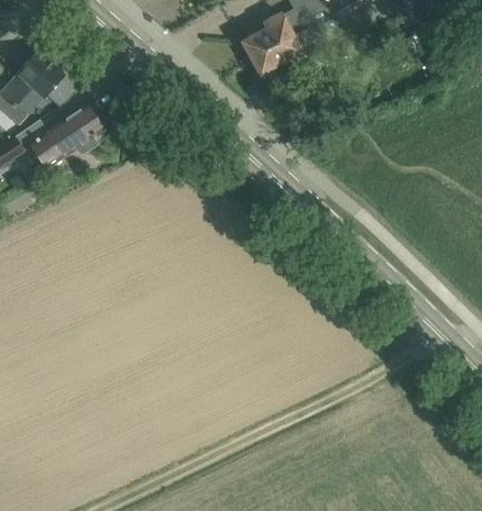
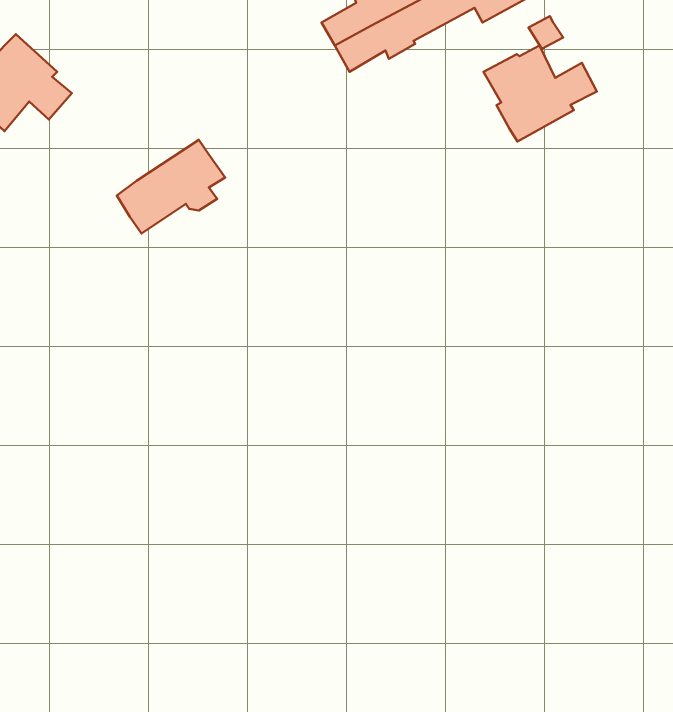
building: none -> [483,45,597,142]
building: [28,103,100,166] -> [117,140,225,233]

